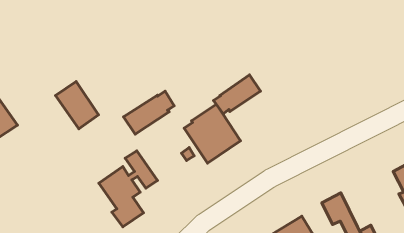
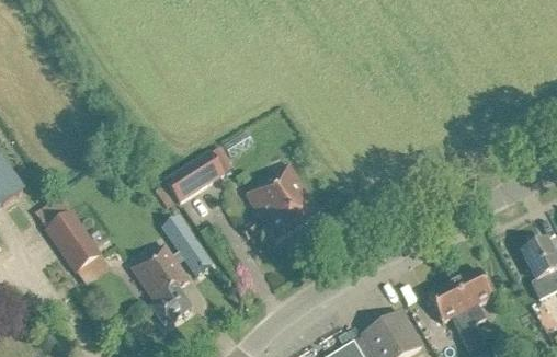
building: [214,75,260,114] -> none
building: [55,82,99,129] -> [45,208,102,270]
building: none -> [453,266,492,323]

